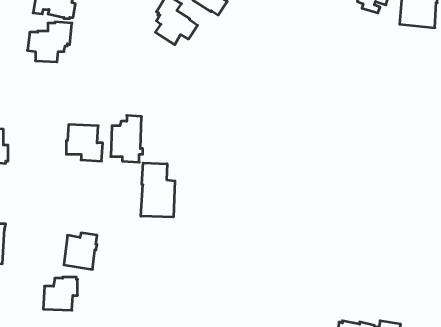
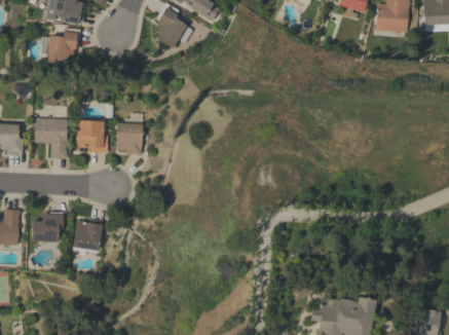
building: none -> [35,117,68,158]
building: [141,163,175,217] -> none
building: [43,277,78,310] -> [32,212,63,241]

